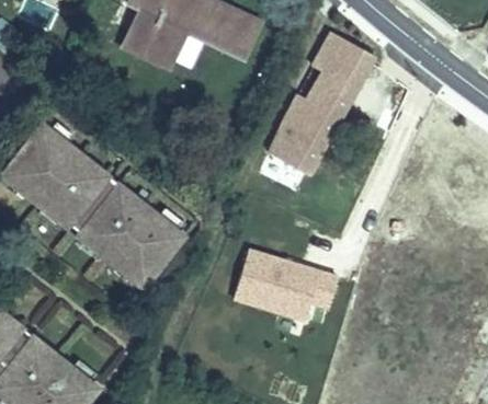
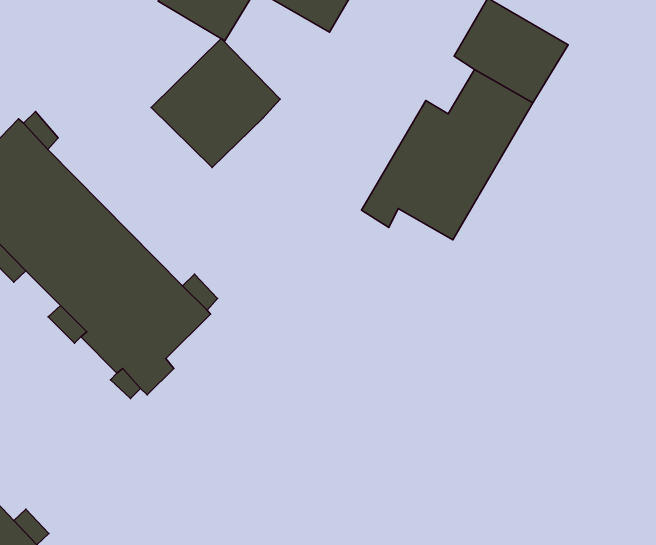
building: none -> [151,39,280,168]
building: [226,244,336,318] -> none

